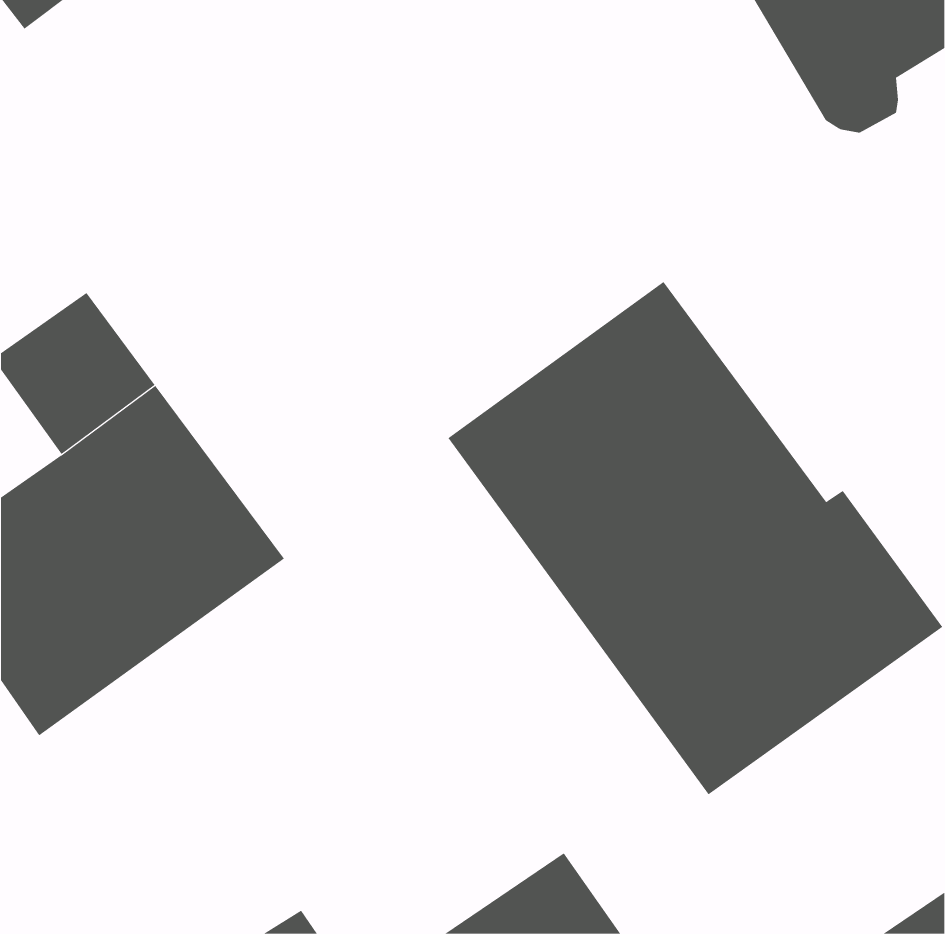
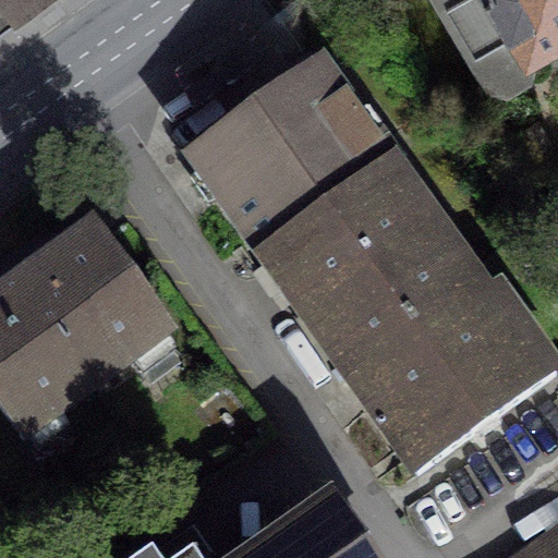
building: none -> [190,63,399,258]

